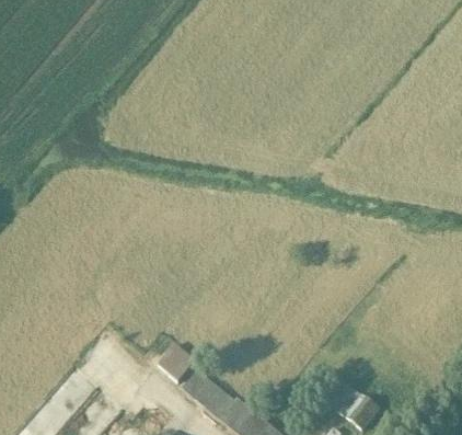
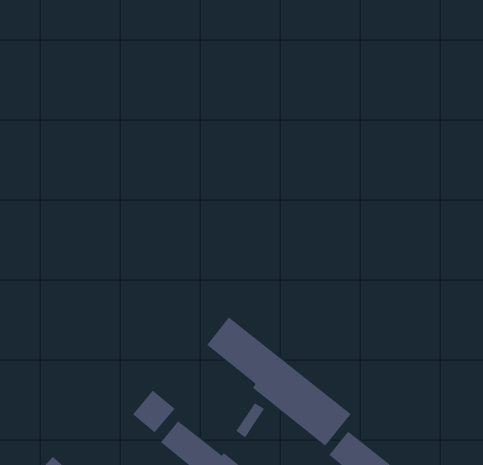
building: none -> [207,317,351,447]

